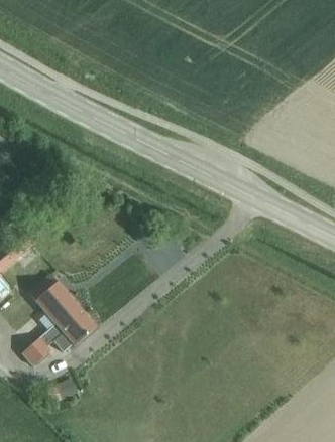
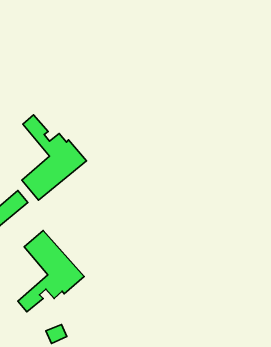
building: none -> [22,115,86,200]

